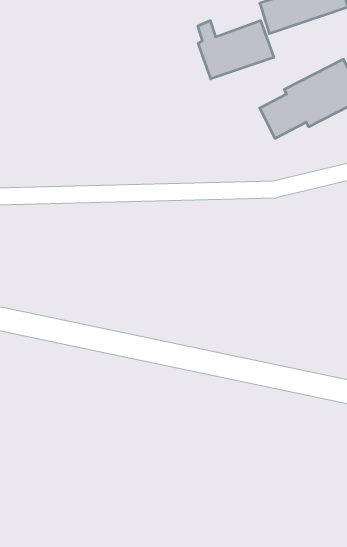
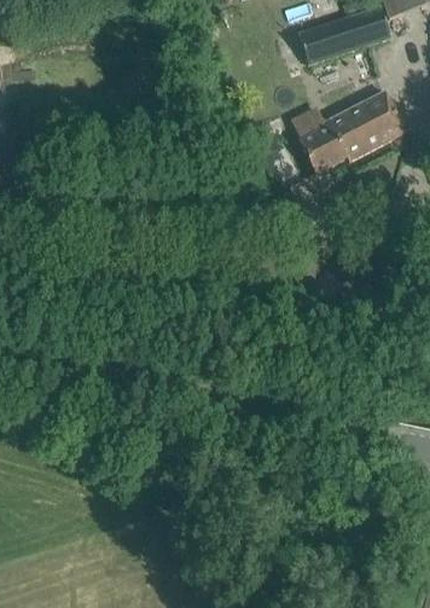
building: [198,21,274,79] -> none

